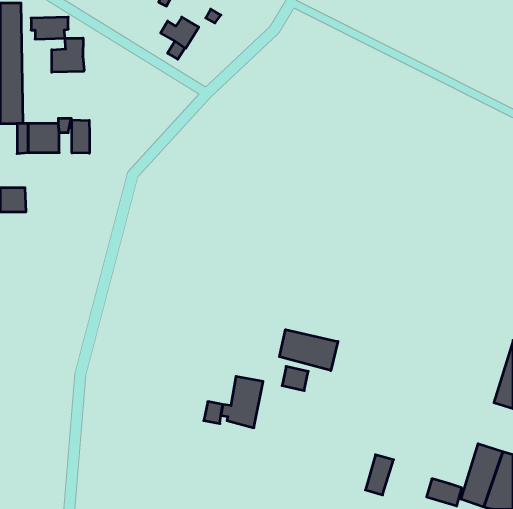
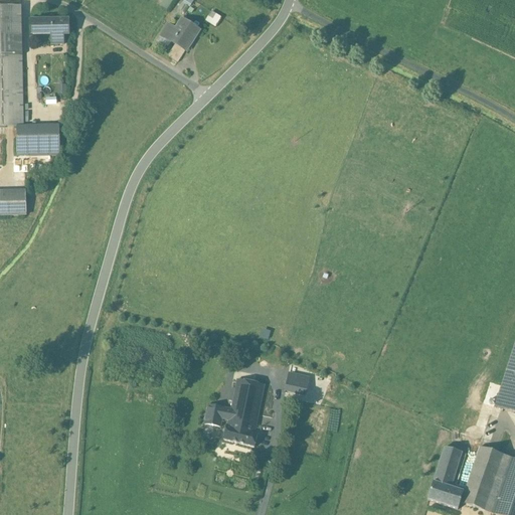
building: [52,38,84,72] -> none
building: [72,120,90,153] -> none
building: [279,330,338,371] -> none
building: none -> [223,421,256,445]
building: [365,455,394,495] -> [434,445,462,485]

